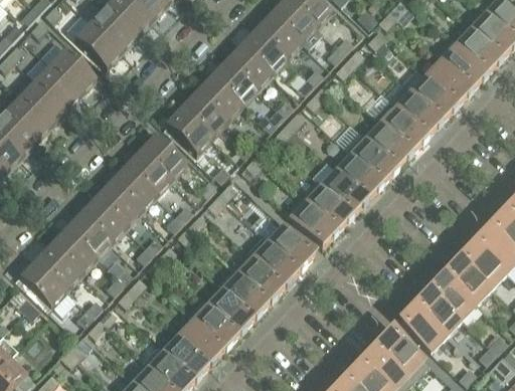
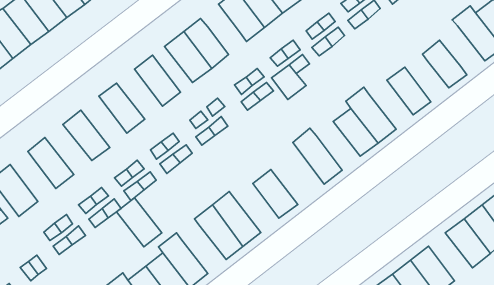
building: [425,59,472,105] -> none
building: [194,74,241,121] -> none
building: [390,85,442,136] -> none
building: [366,122,411,167] -> none
building: [124,149,171,195] -> none
building: [322,169,367,214] -> none
building: [94,180,141,227] -> none
building: [285,195,337,246] -> none
building: [63,212,112,258] -> none
building: [247,235,299,285] -> none
building: [34,243,81,289] -> none
building: [446,258,491,303] -> none
building: [208,287,254,333] -> [117,198,162,247]

